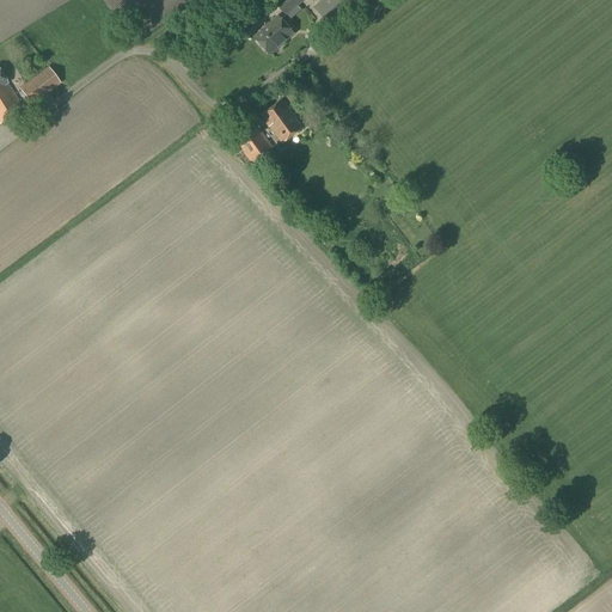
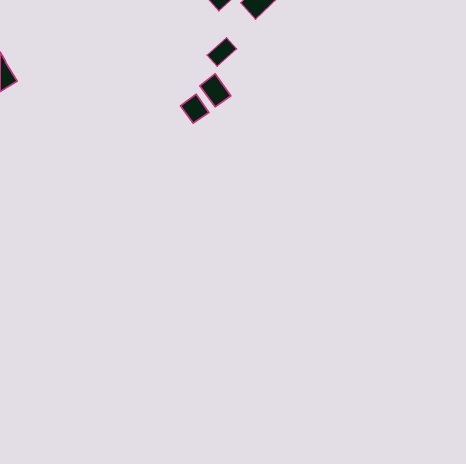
building: [256,13,294,50] -> [207,38,236,66]
building: [20,65,60,102] -> none

